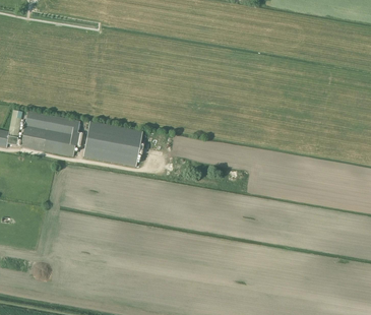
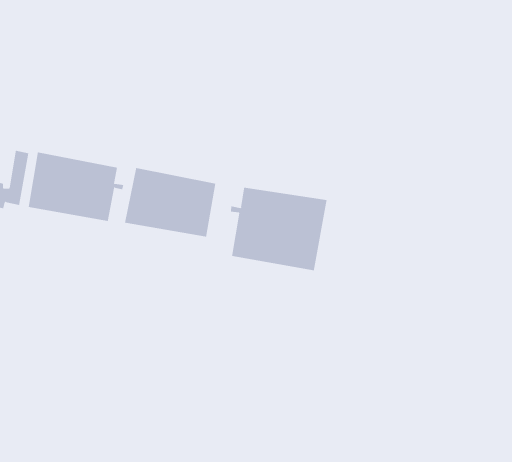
building: none -> [231,187,327,271]

